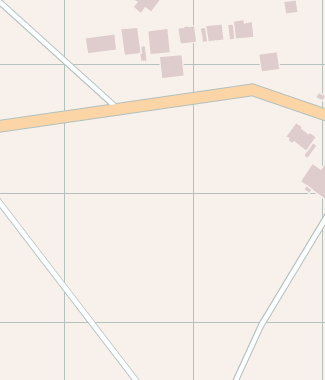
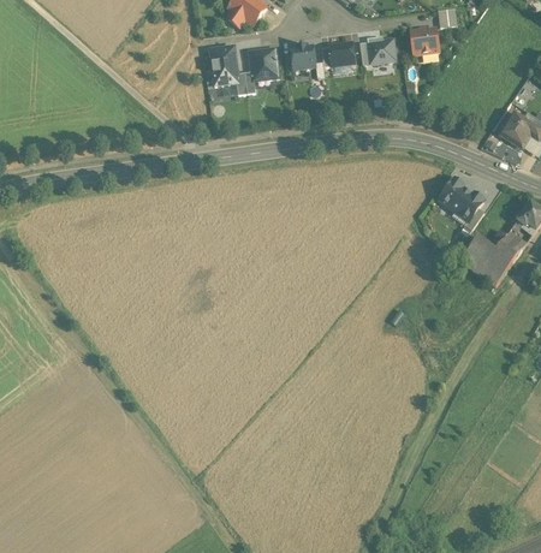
building: [85,34,117,54] -> none
building: [258,52,280,72] -> [410,28,440,55]
building: [160,54,184,79] -> none

